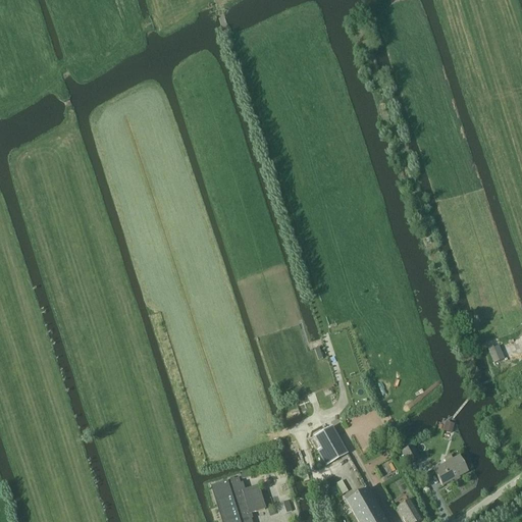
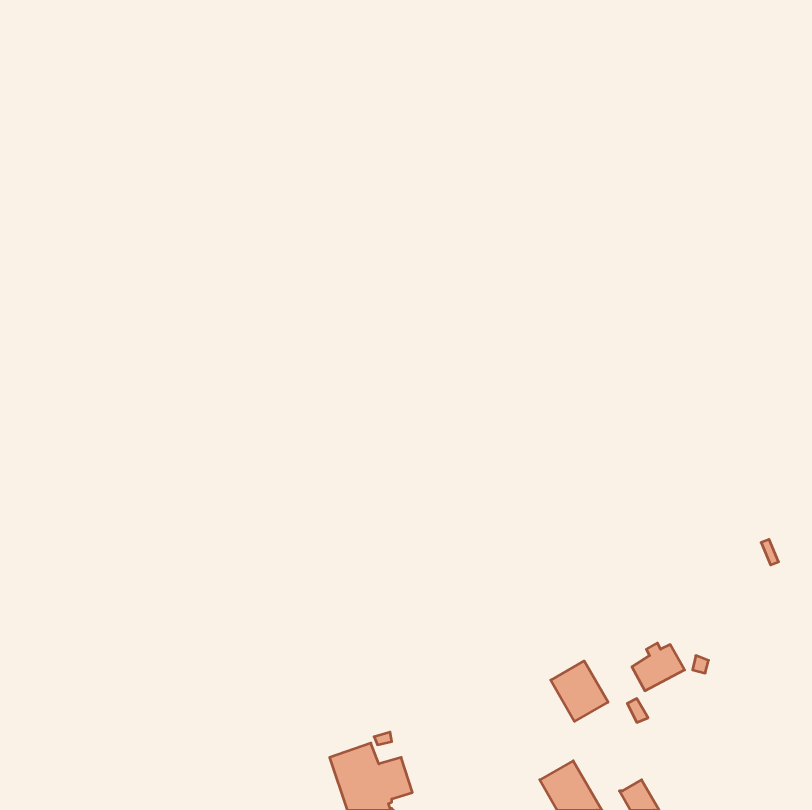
building: [311,425,348,464] -> [551,661,608,721]
building: [435,454,469,484] -> [632,643,685,691]

